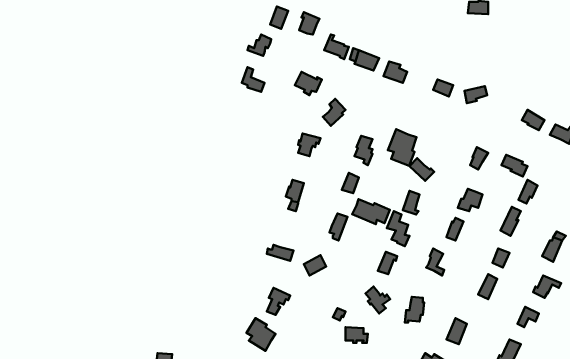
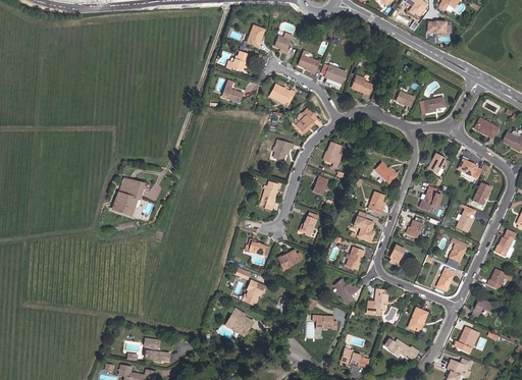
building: [388,129,417,166] -> none
building: none -> [112,176,150,215]
building: [352,199,390,224] -> none

